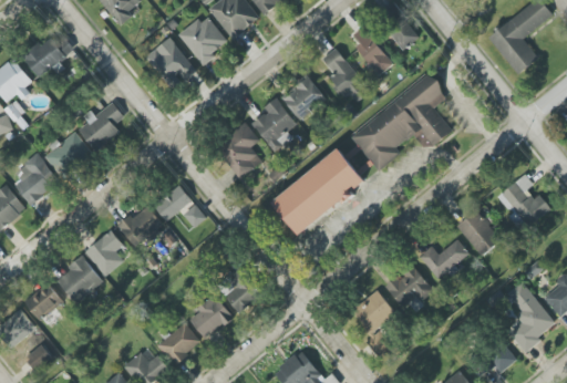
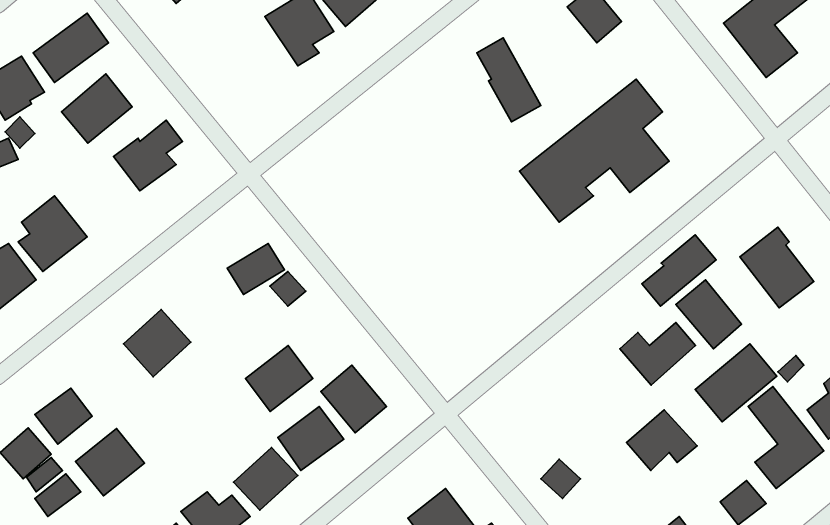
building: [354,25,394,75] -> none
building: [146,37,196,89] -> none
building: [281,75,323,121] -> none
building: [252,97,296,151] -> none
building: [215,123,262,178] -> none
building: [44,131,92,177] -> [62,74,132,143]
building: [271,149,365,234] -> none
building: none -> [642,235,716,306]
building: [118,204,164,248] -> [246,346,313,411]
building: none -> [695,344,777,422]
building: [55,256,102,301] -> [75,428,145,496]
building: [386,266,434,307] -> [626,410,697,471]
building: [352,290,396,333] -> none

